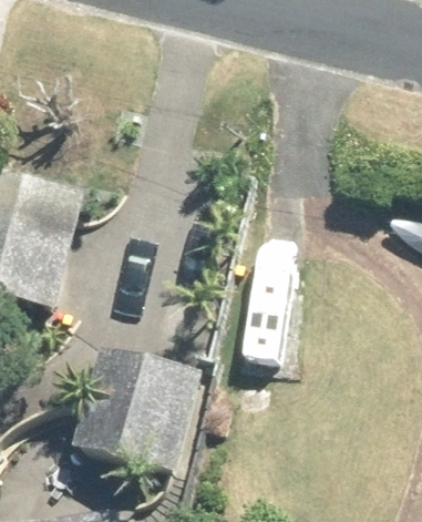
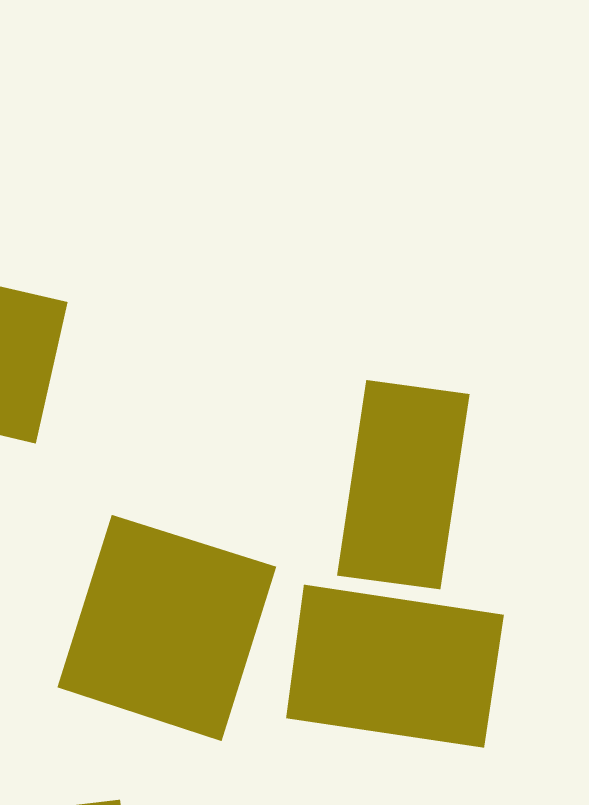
building: none -> [286,584,504,749]

